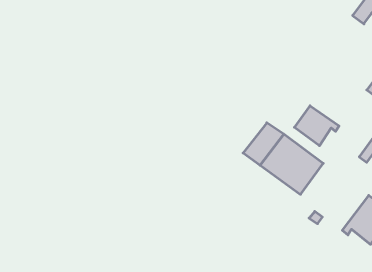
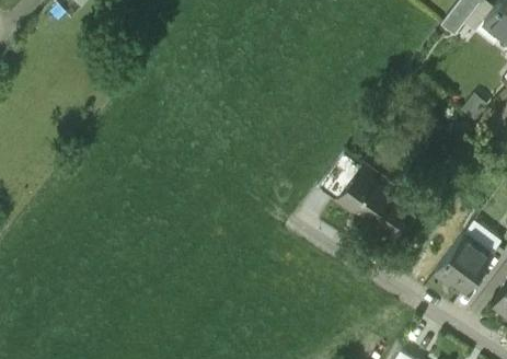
building: [294,106,339,146] -> none

